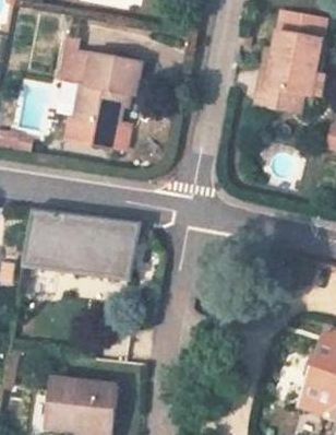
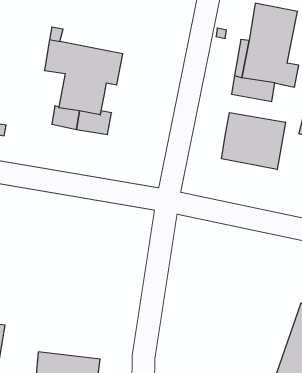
building: none -> [222,113,286,170]
building: [22,209,141,280] -> none

